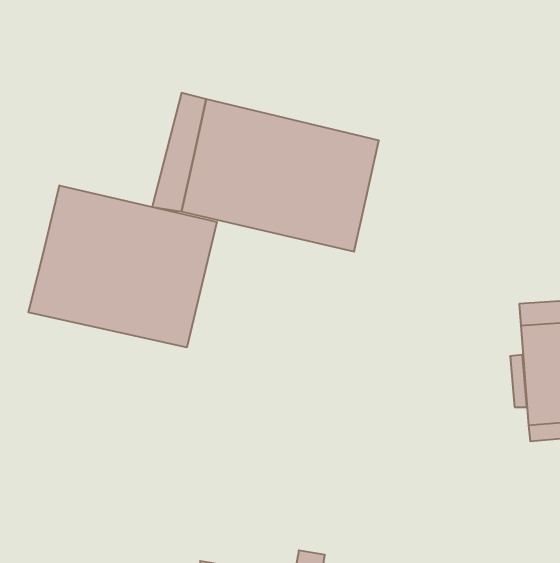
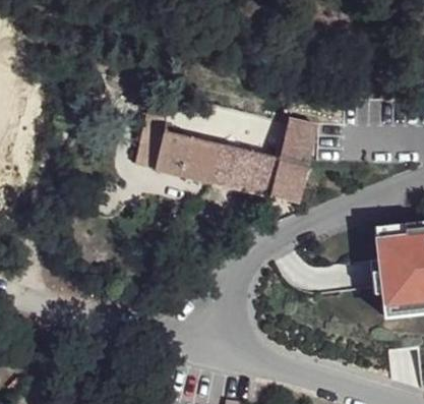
building: none -> [269,122,317,201]
building: [29,185,217,347] -> none

